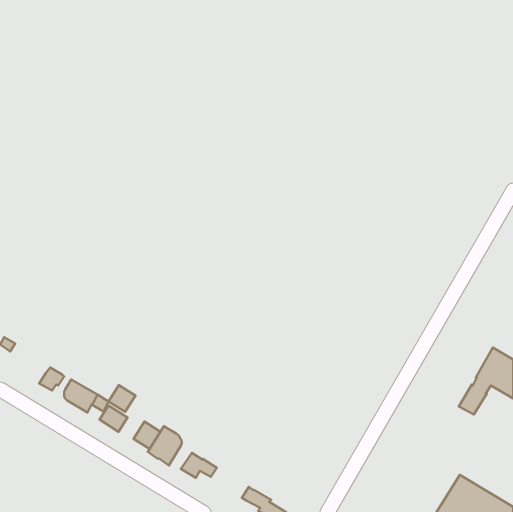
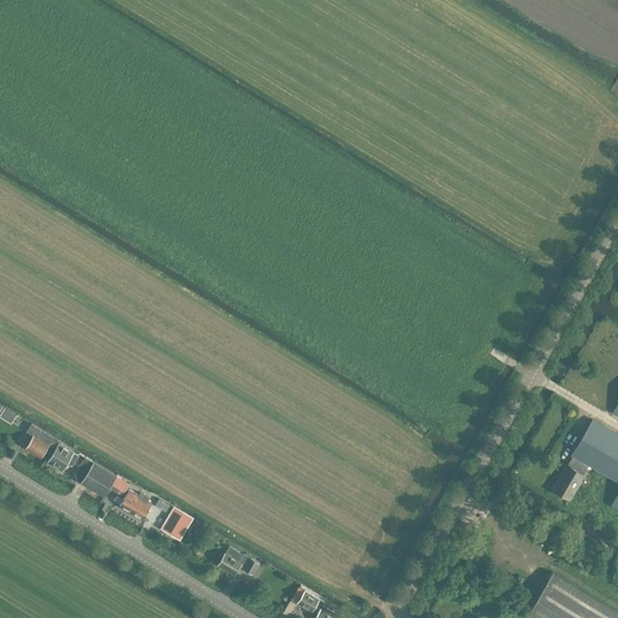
building: none -> [25,424,60,459]
building: [108,385,136,412] -> none
building: [148,426,182,465] -> none

